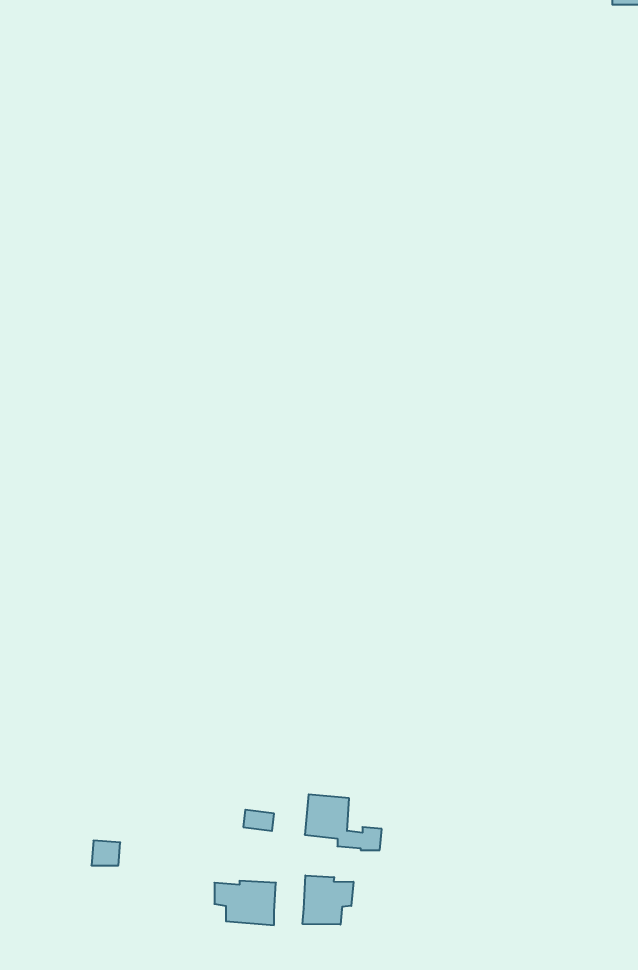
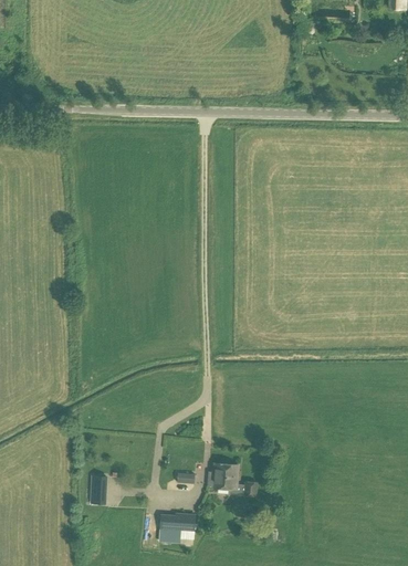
building: [303,875,353,925] -> none

